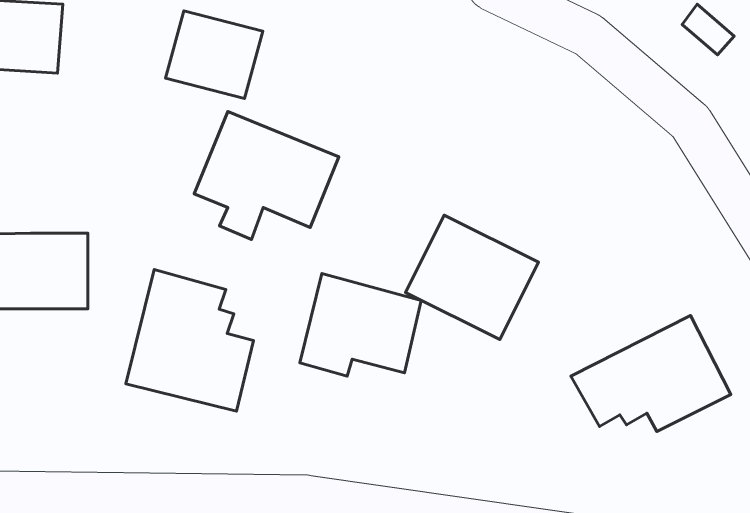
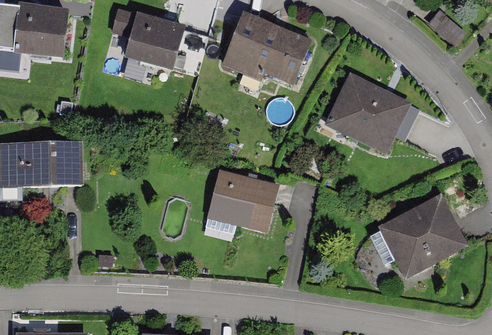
building: [194,111,339,239] -> [225,12,311,88]
building: [405,215,538,340] -> [329,73,408,147]
building: [126,270,253,411] -> none

